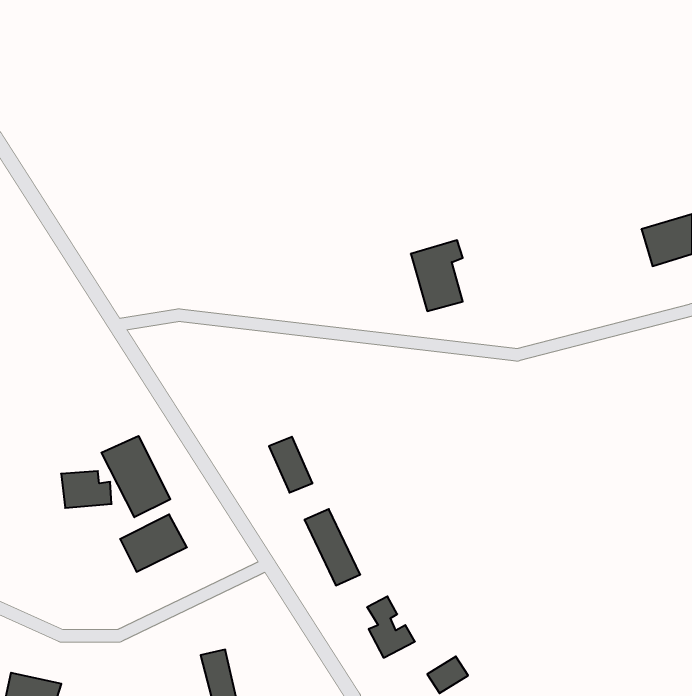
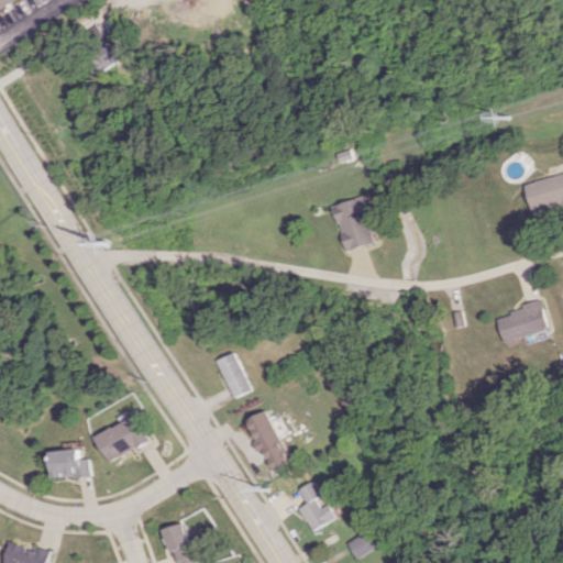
building: none -> [494,303,547,343]
building: [101,436,170,517] -> none
building: [61,471,112,508] -> [53,450,93,479]

